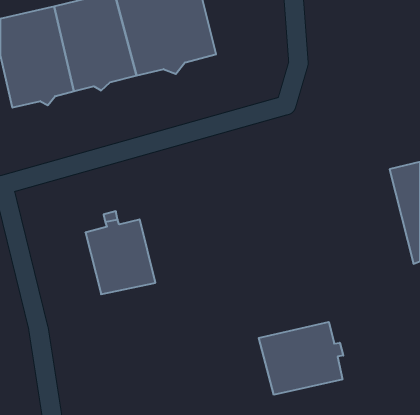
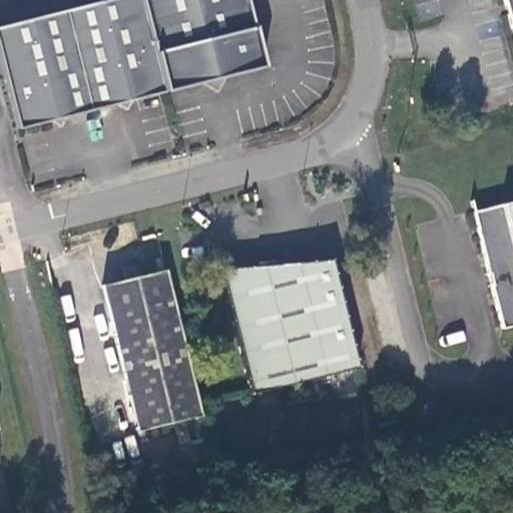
building: none -> [224,254,362,391]
building: none -> [123,345,206,429]
building: [259,322,343,395] -> none

